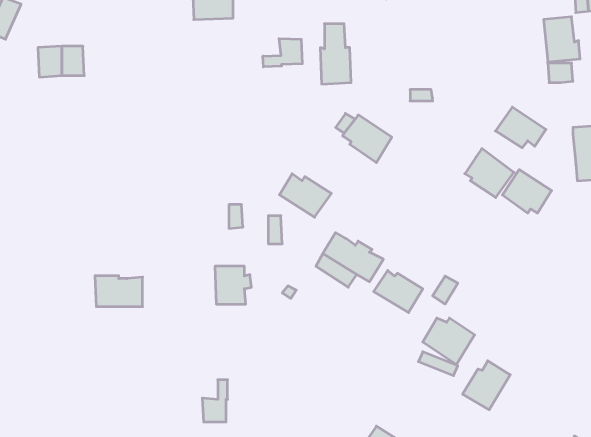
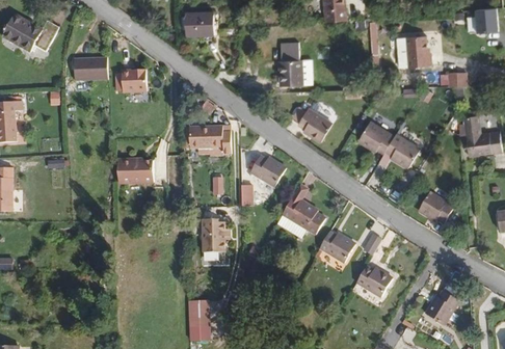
building: [544,17,580,62] -> [407,33,434,66]
building: [263,39,302,67] -> none
building: none -> [118,70,142,92]
building: [495,107,546,148] -> [356,124,394,154]
building: none -> [189,125,230,154]
building: [502,170,552,213] -> [418,191,454,223]
building: [95,276,143,307] -> [117,159,153,182]
building: [463,361,510,410] -> [423,289,458,325]

